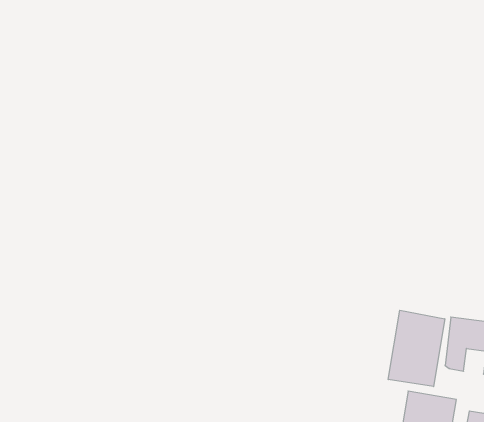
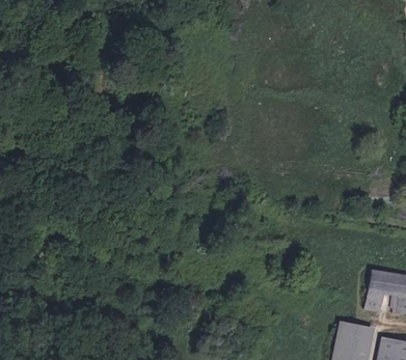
building: [388,310,445,387] -> none

